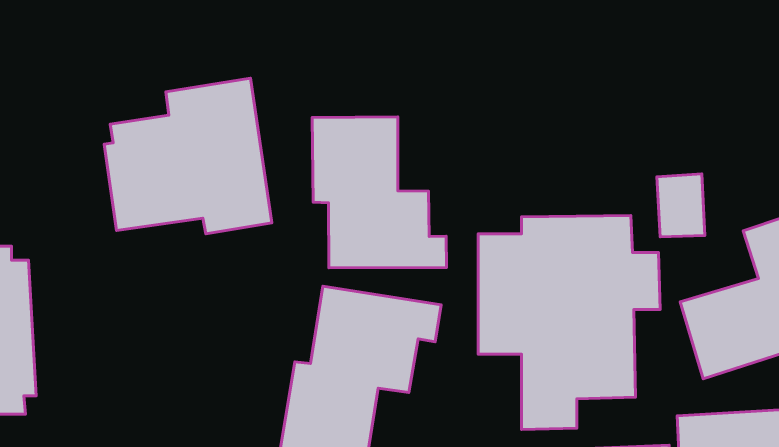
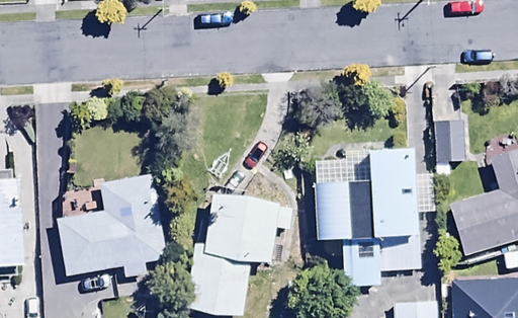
building: [104,78,272,234] -> [58,173,168,275]
building: [312,117,447,268] -> none

